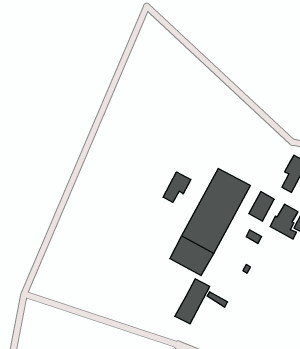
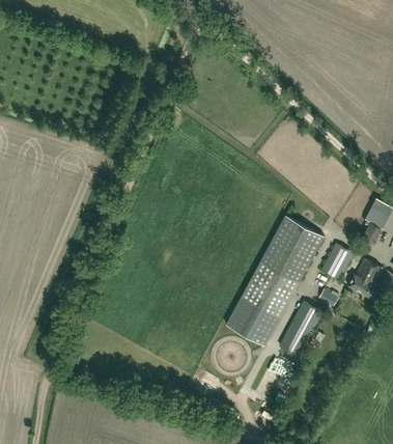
building: [163,172,191,202] -> none
building: [175,279,210,324] -> [278,302,320,357]

